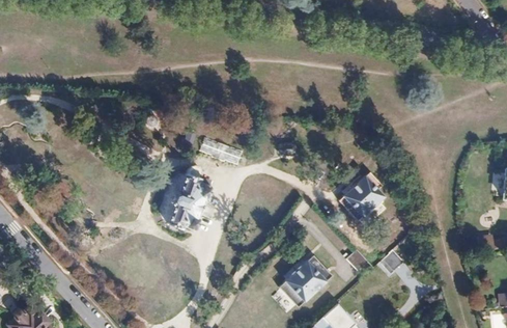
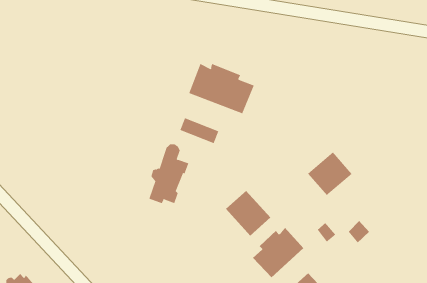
building: none -> [189,63,255,114]
building: none -> [225,190,271,236]

